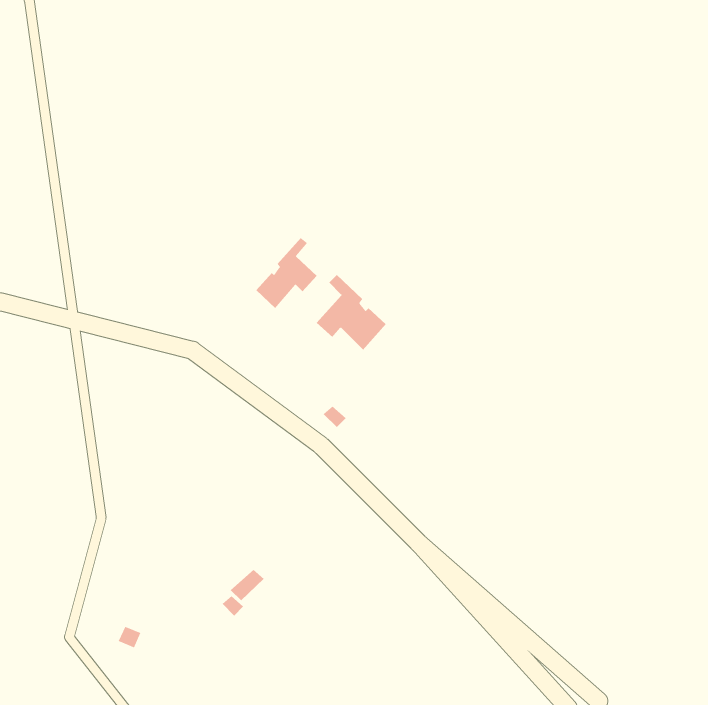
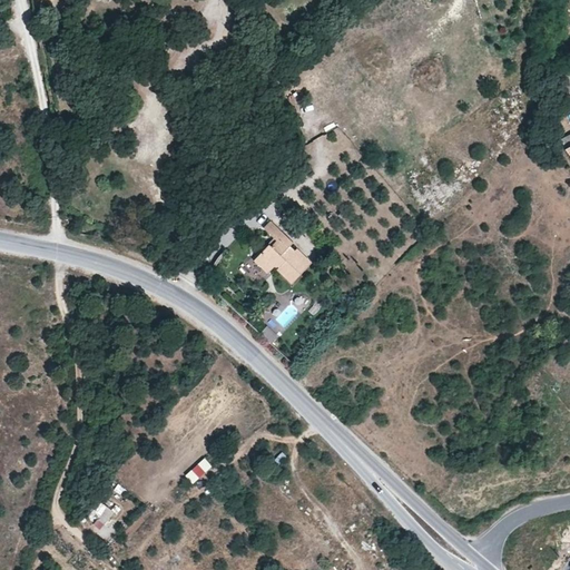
building: [255,237,318,309] -> none

